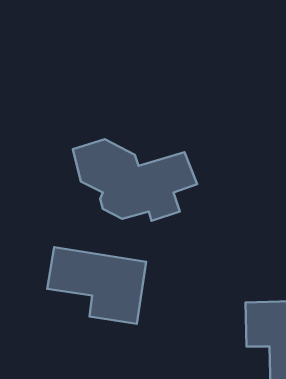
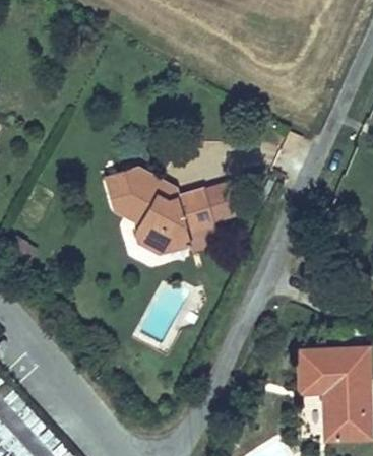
building: [47,247,146,324] -> none

